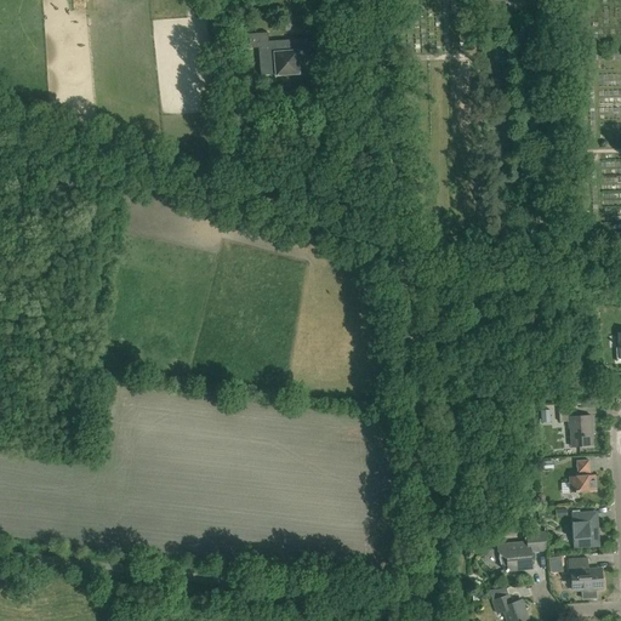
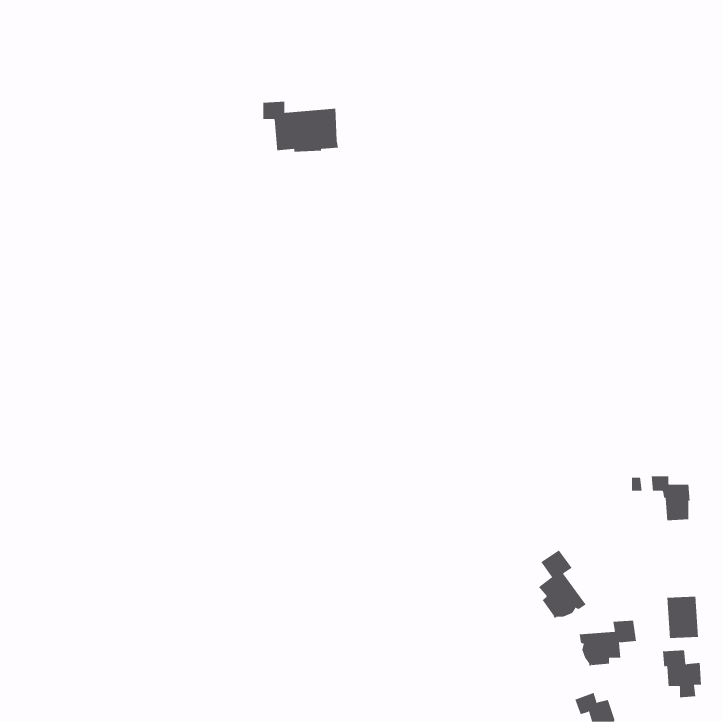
building: [249,32,314,75] -> [262,101,339,152]
building: [569,458,596,491] -> none
building: none -> [538,550,586,618]

